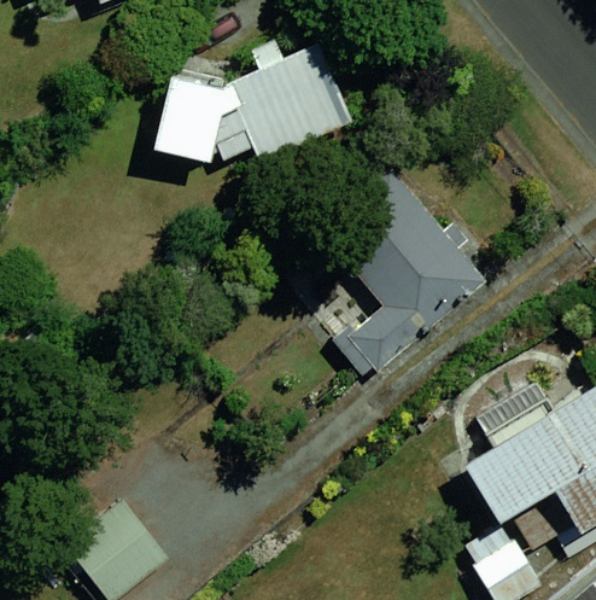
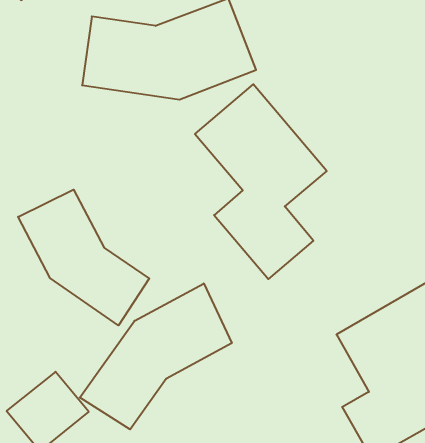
building: none -> [18,190,149,325]
building: none -> [80,283,232,429]

